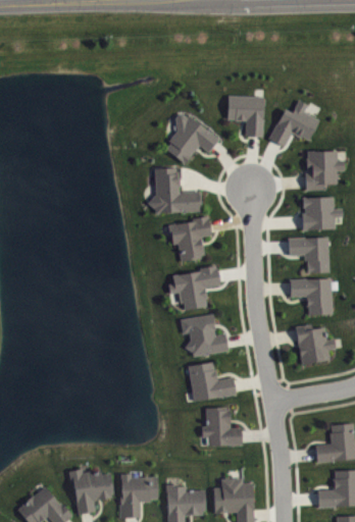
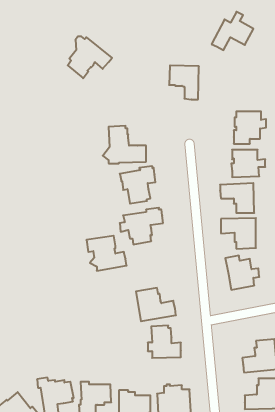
building: [269,100,319,146] -> [212,12,253,50]
building: [166,114,219,164] -> [68,36,112,78]
building: [181,314,229,356] -> [86,236,127,271]

